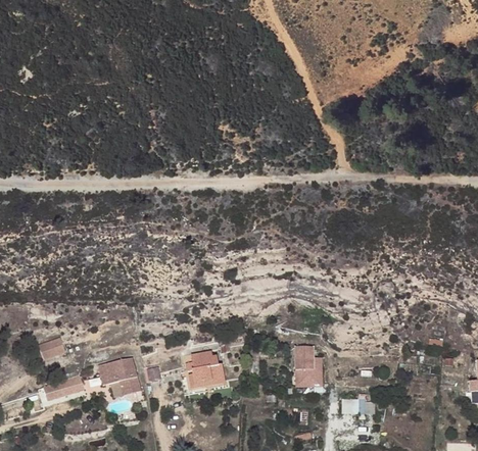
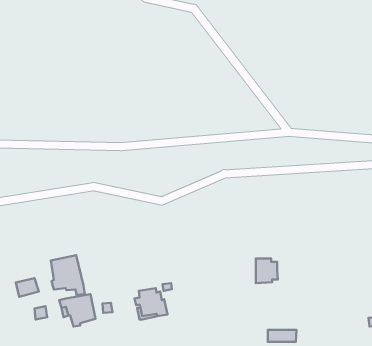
building: none -> [51,255,85,295]
building: [292,354,319,384] -> [256,258,278,283]

